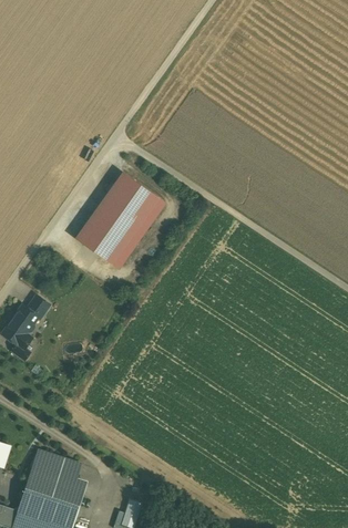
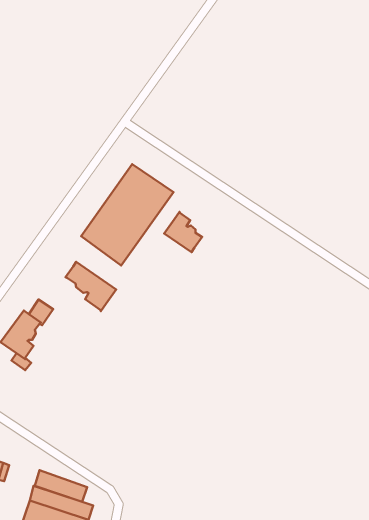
building: none -> [164,212,202,252]
building: none -> [66,262,116,311]

